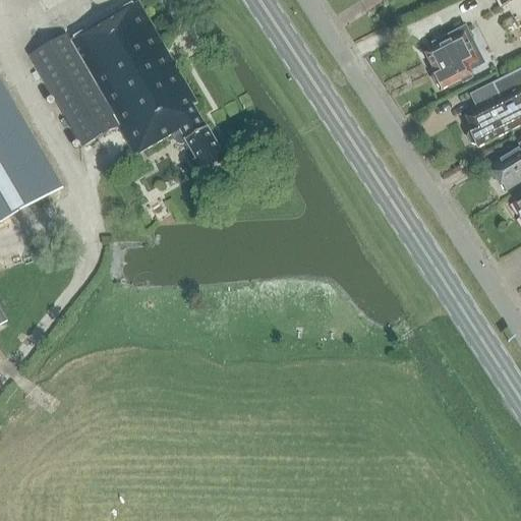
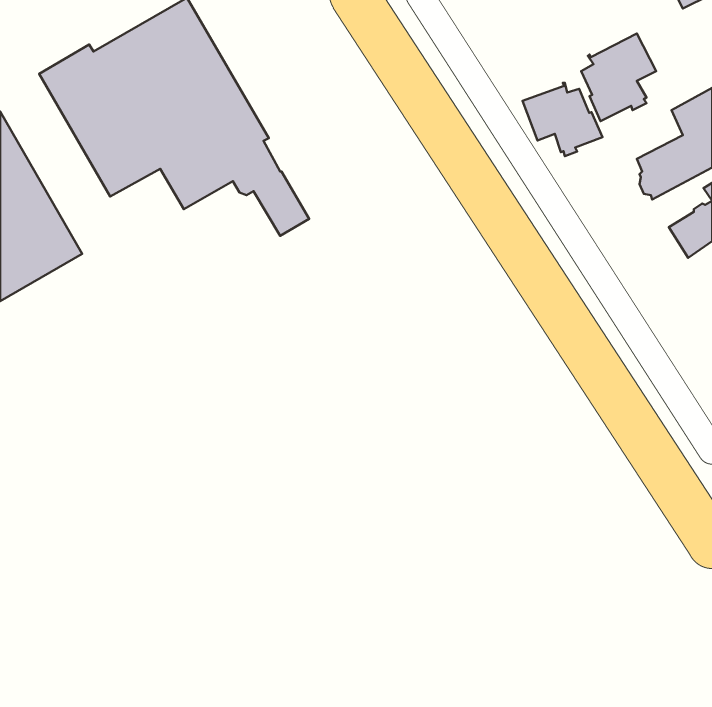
building: none -> [522,83,603,156]

